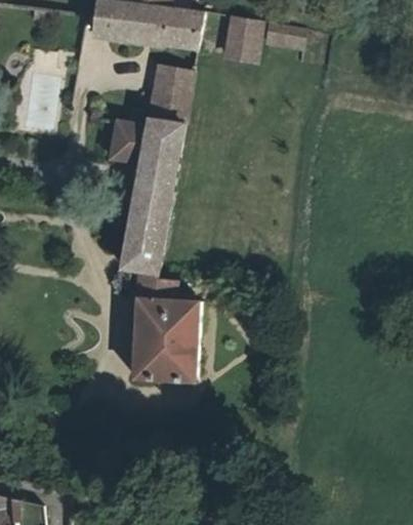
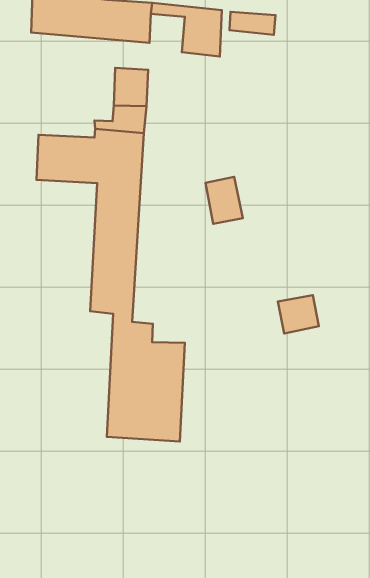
building: none -> [206,177,243,224]
building: none -> [278,295,319,333]

